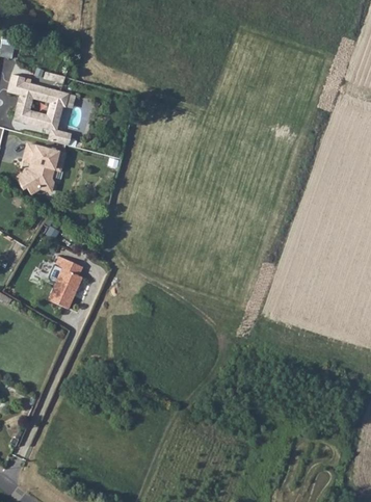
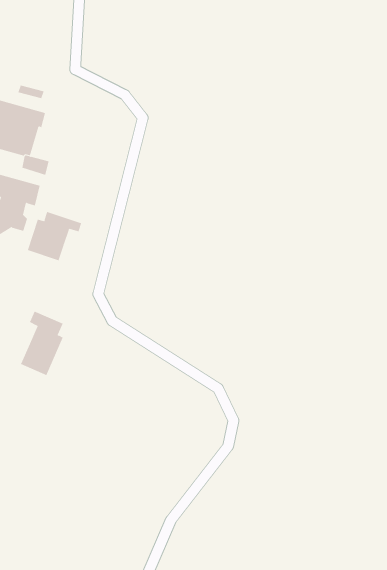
building: none -> [27,211,82,261]

